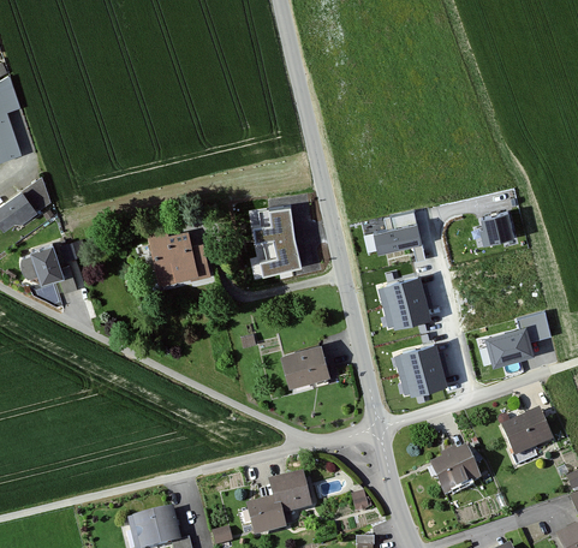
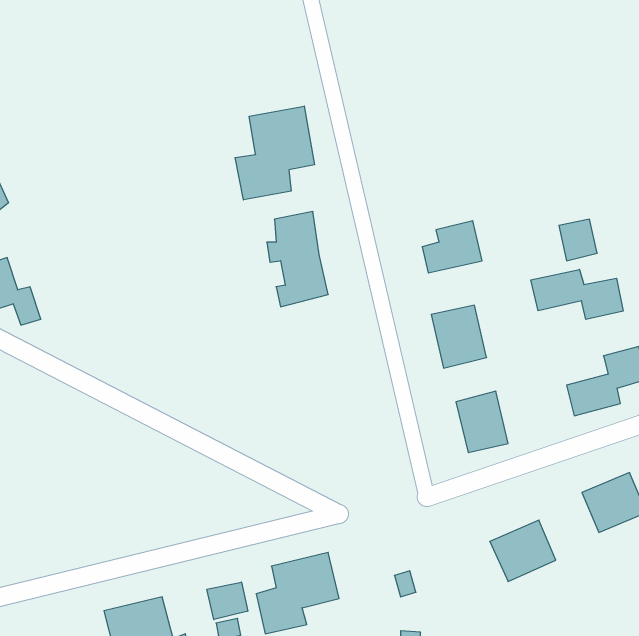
building: none -> [235,106,314,200]
building: [144,227,211,287] -> none
building: none -> [531,269,623,319]
building: [279,342,328,387] -> none
building: none -> [207,582,248,620]

